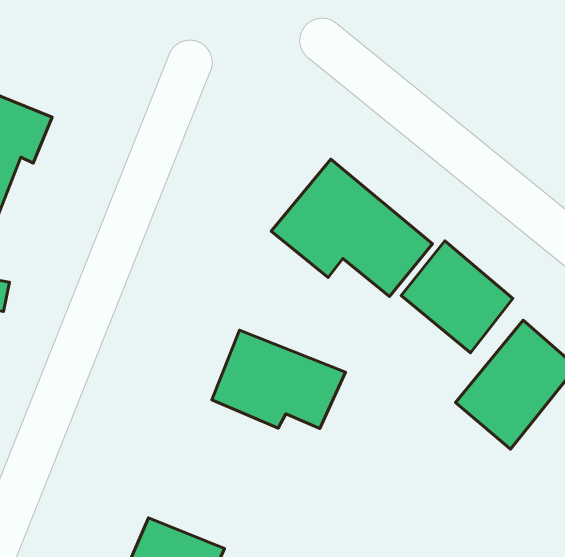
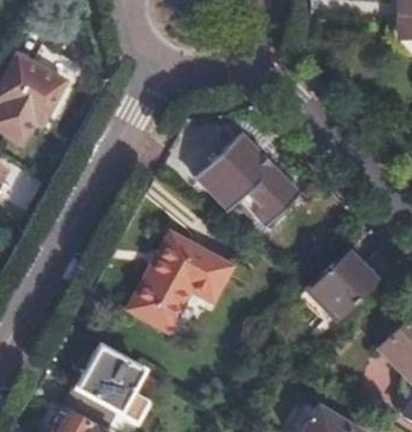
building: [401,241,513,353] -> none
building: none -> [130,272,188,328]

